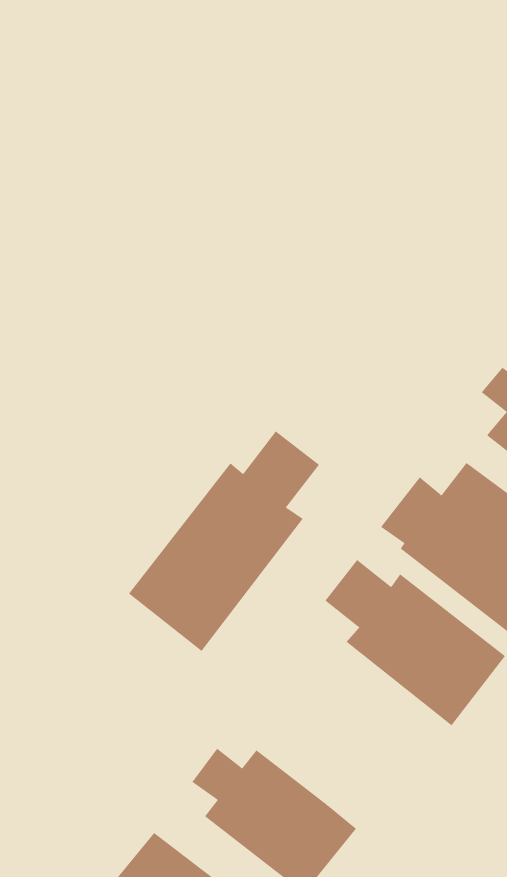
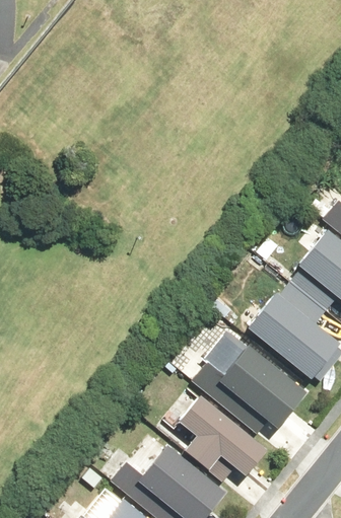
building: [128,430,320,652] -> none
building: none -> [166,391,270,475]

